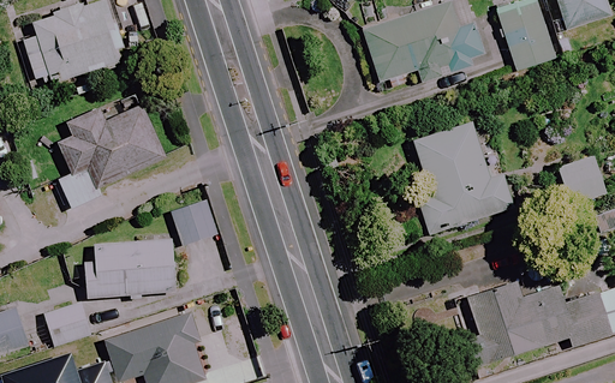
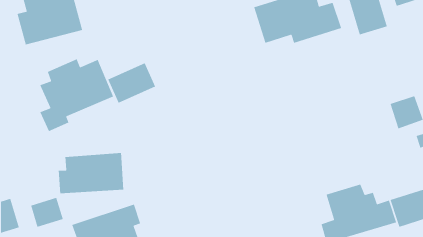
building: none -> [107,62,156,104]
building: [413,121,514,234] -> none
building: [169,197,217,245] -> none

